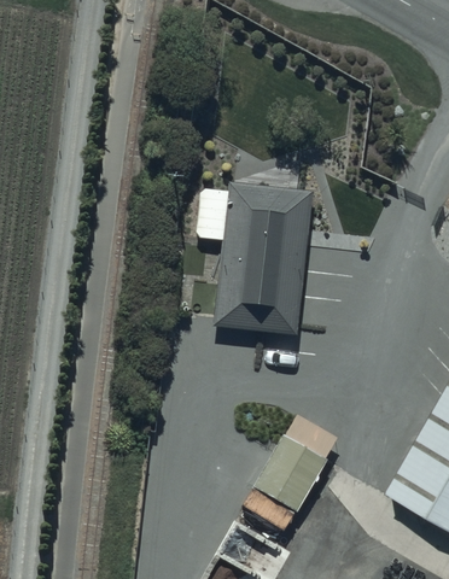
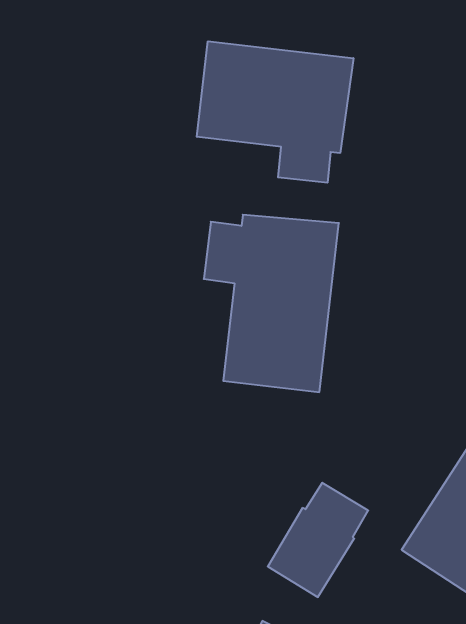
building: none -> [197,41,353,183]

